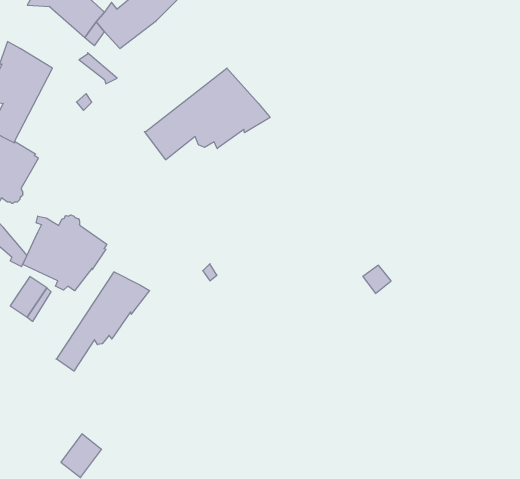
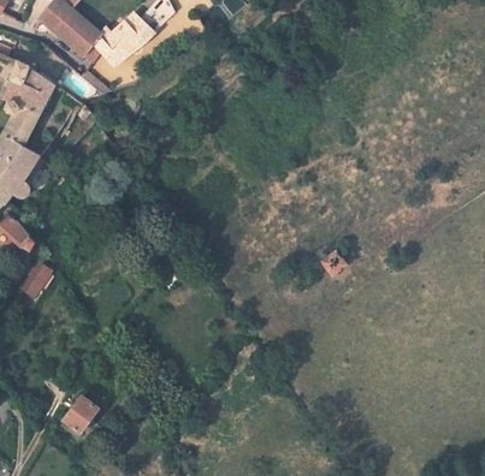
building: [144,68,270,160] -> none
building: [23,215,107,291] -> none
building: [56,272,150,371] -> none

